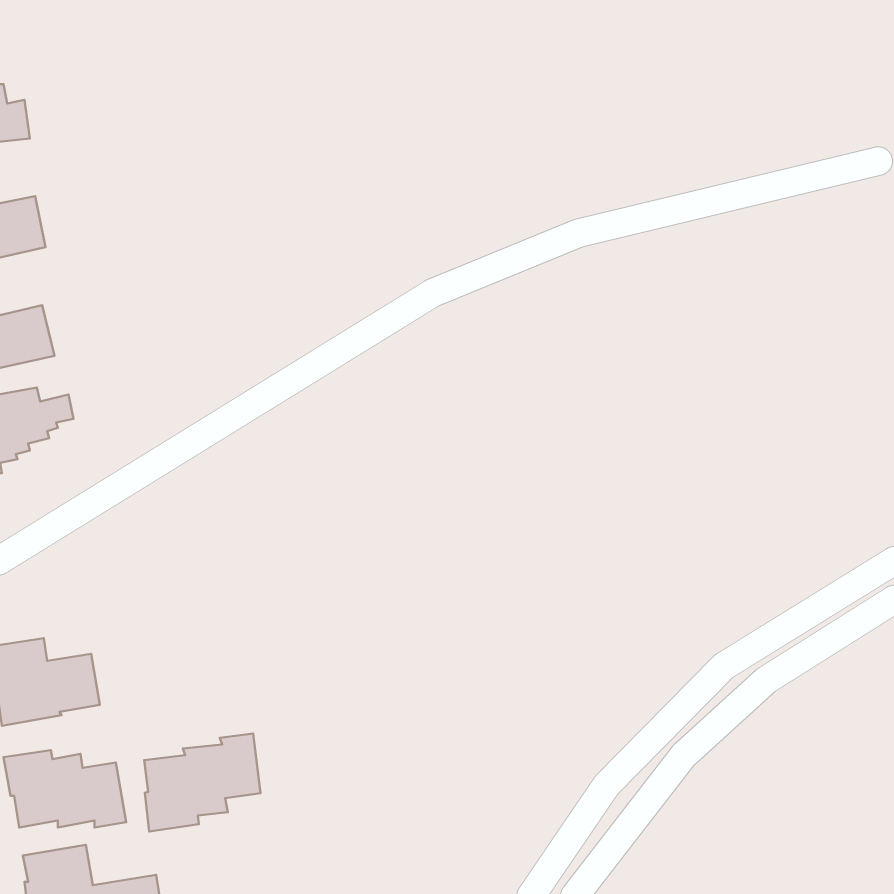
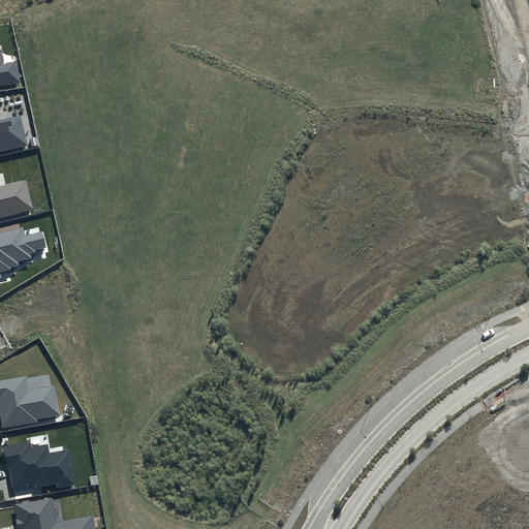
building: [144,733,260,832] -> none

